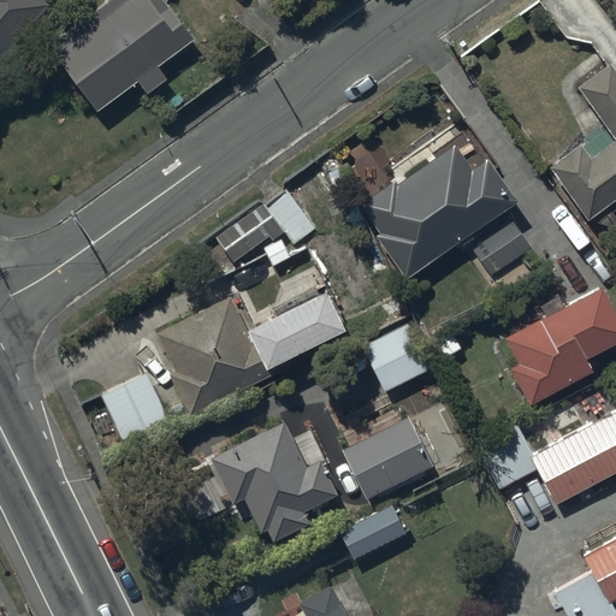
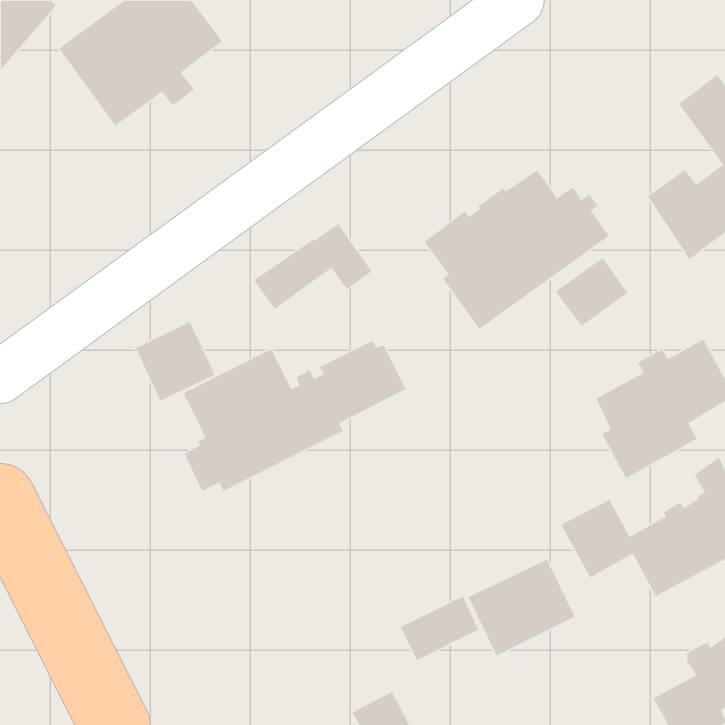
building: [362,325,432,393] -> none
building: [101,373,170,442] -> [135,321,216,402]
building: [343,417,434,500] -> [468,559,576,657]
building: [211,419,338,543] -> none

